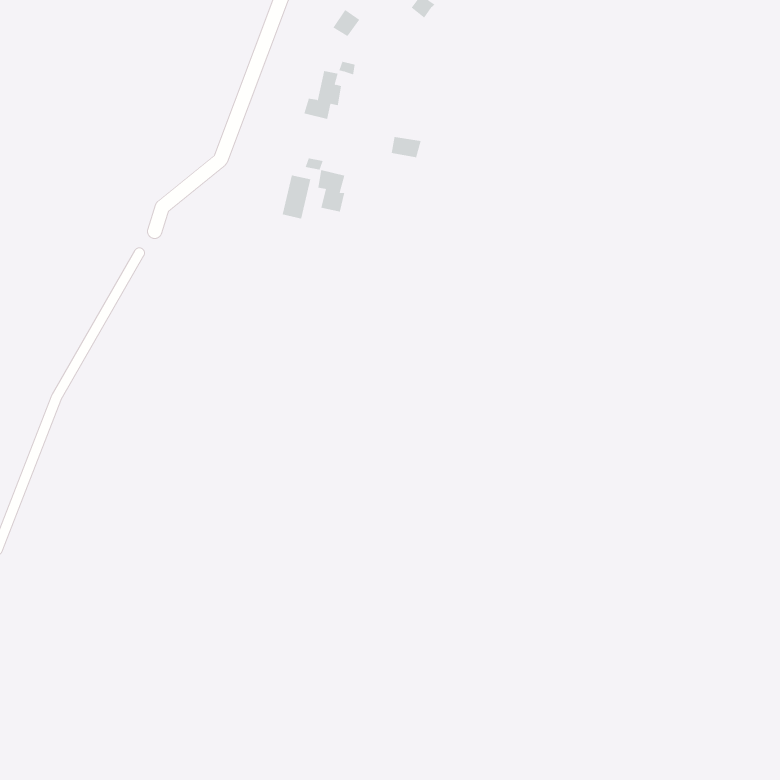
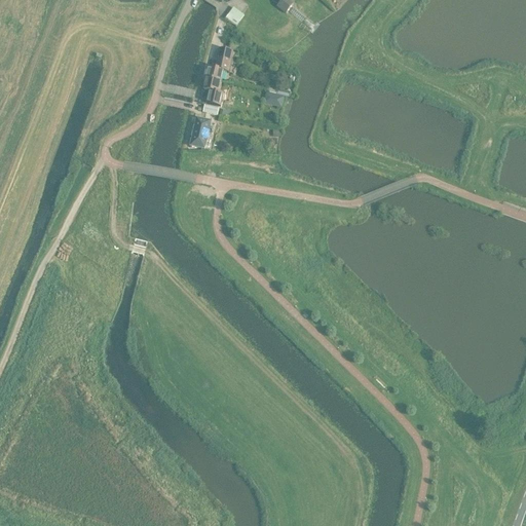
building: [317,169,345,212] -> [201,76,220,105]

